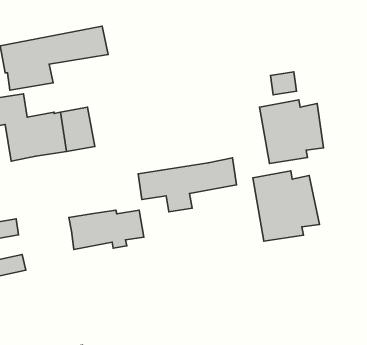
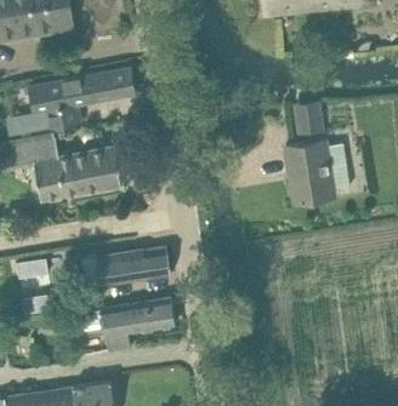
building: [138,158,236,212] -> [78,298,175,351]
building: [253,171,319,241] -> none

